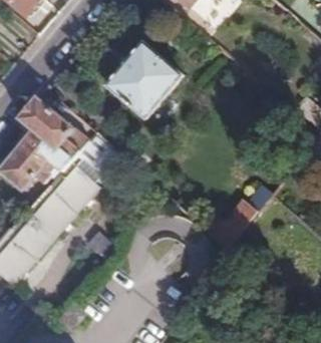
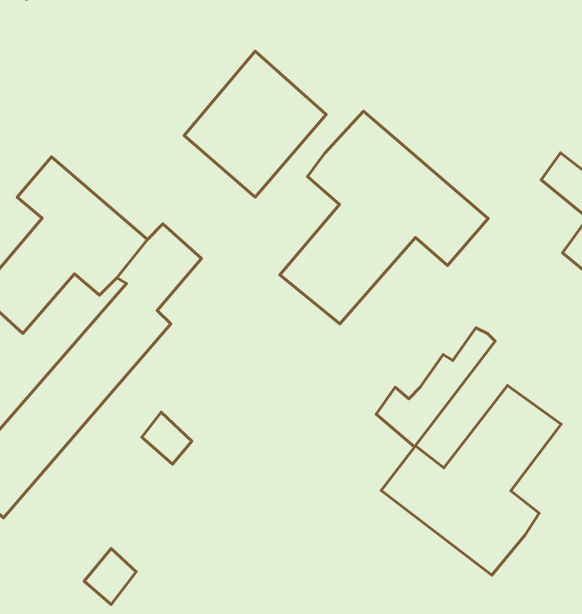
building: none -> [280,111,488,324]
building: none -> [381,386,561,575]

